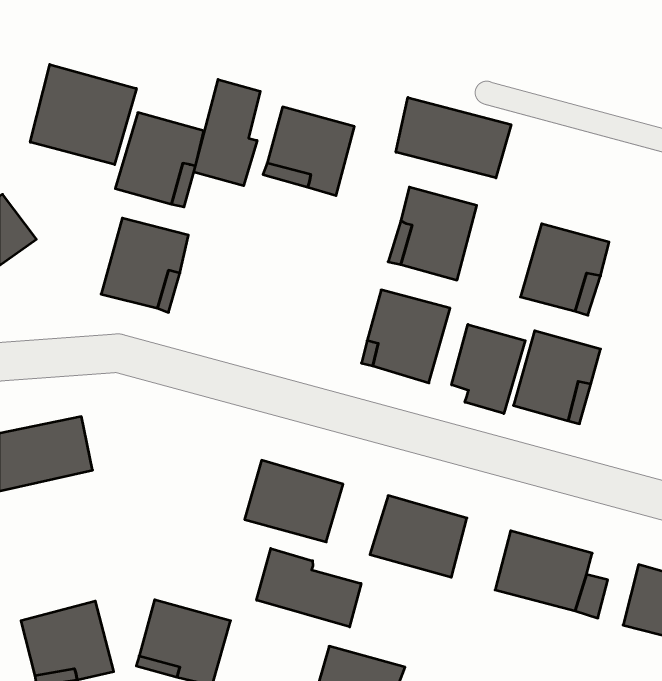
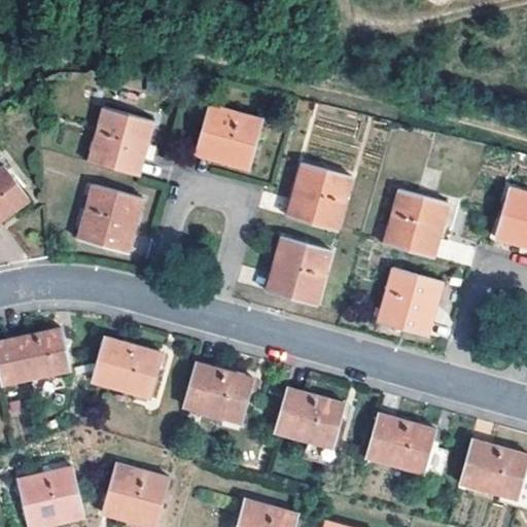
building: [30,64,136,165] -> none
building: [194,79,260,186] -> none
building: [396,97,511,178] -> none
building: [452,324,525,414] -> none
building: none -> [92,338,163,397]
building: [257,548,361,627] -> none

